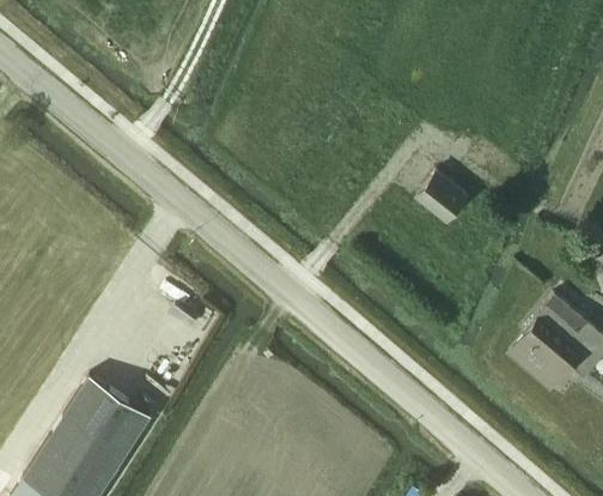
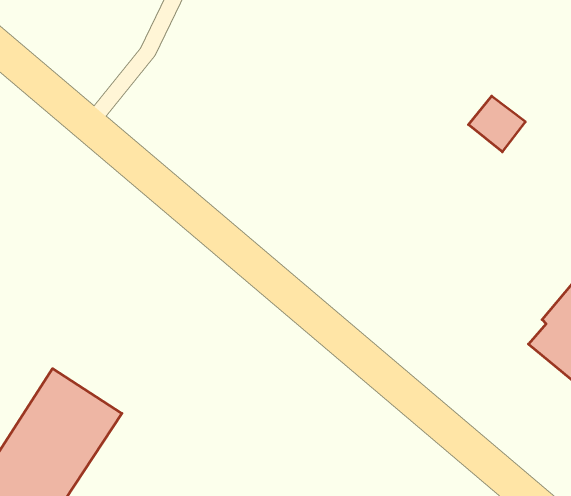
building: [418,174,468,223] -> [468,96,525,152]

